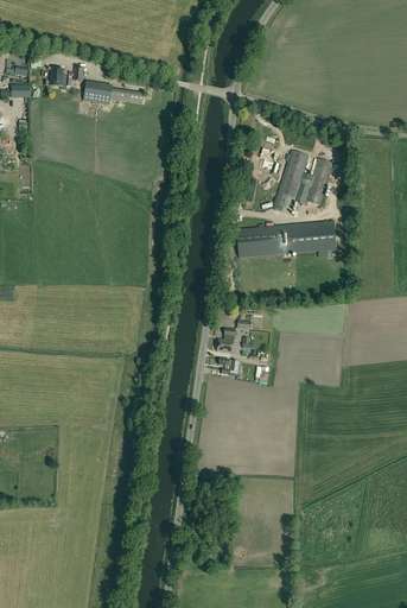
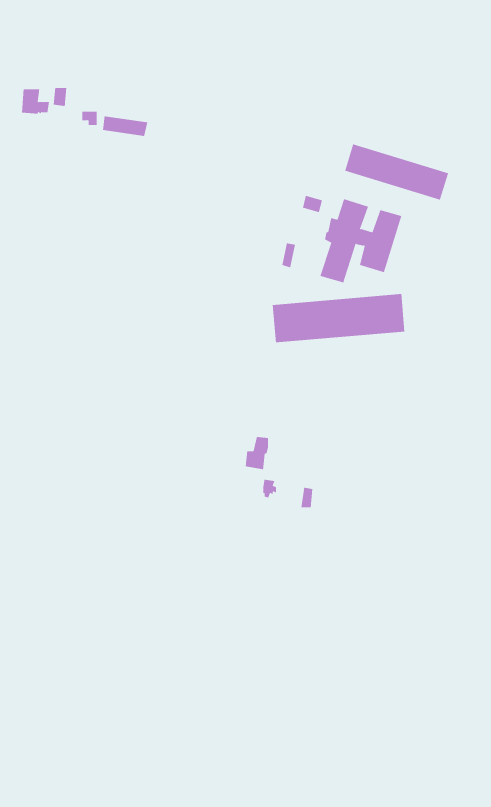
building: none -> [344,144,449,201]

